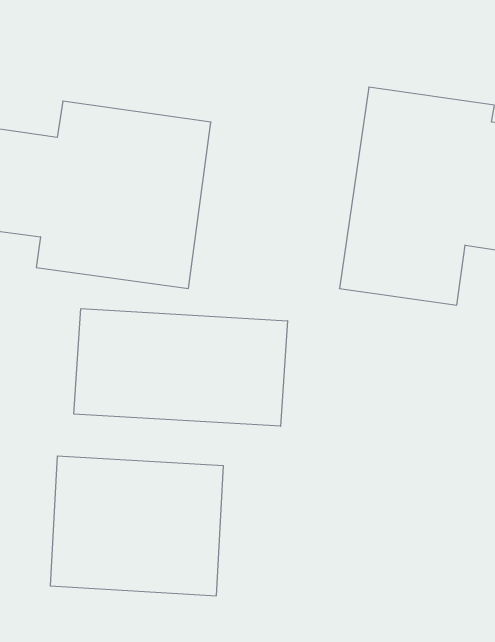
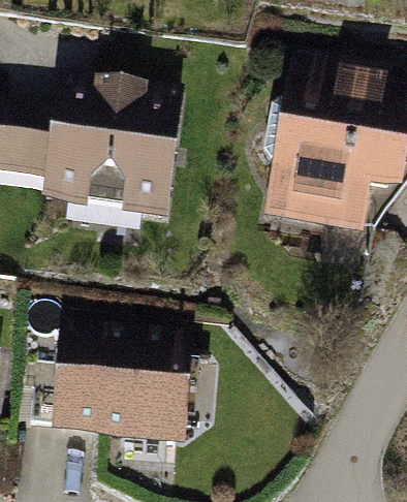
building: [74,309,288,426] -> none

